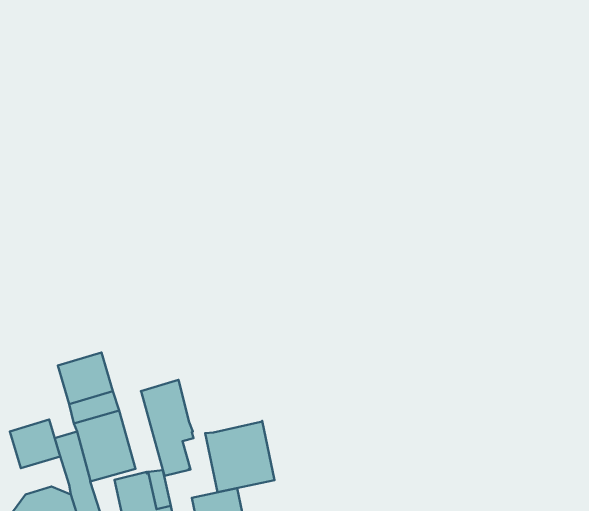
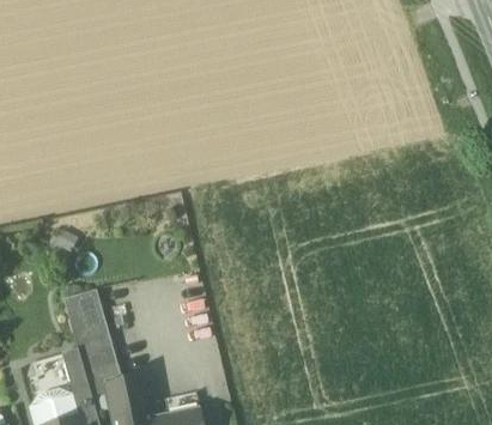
building: [141,380,194,476] -> none
building: [10,420,60,468] -> none
building: [205,421,274,492] -> none

